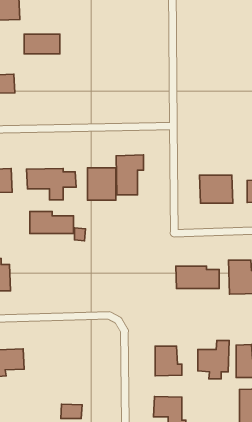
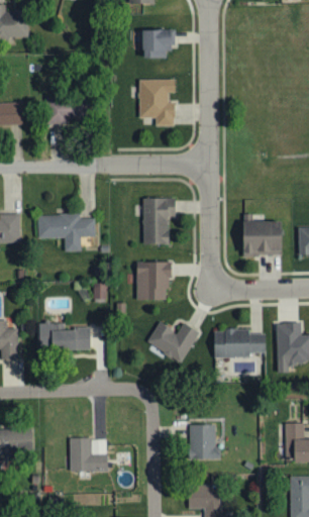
building: none -> [142,30,170,59]
building: [24,34,60,54] -> [47,99,90,122]
building: none -> [139,79,175,126]
building: [88,168,116,200] -> [136,262,170,300]
building: [30,212,73,234] -> [38,323,90,349]
building: none -> [146,322,200,364]
building: [198,341,229,379] -> none
building: none -> [70,438,107,472]

